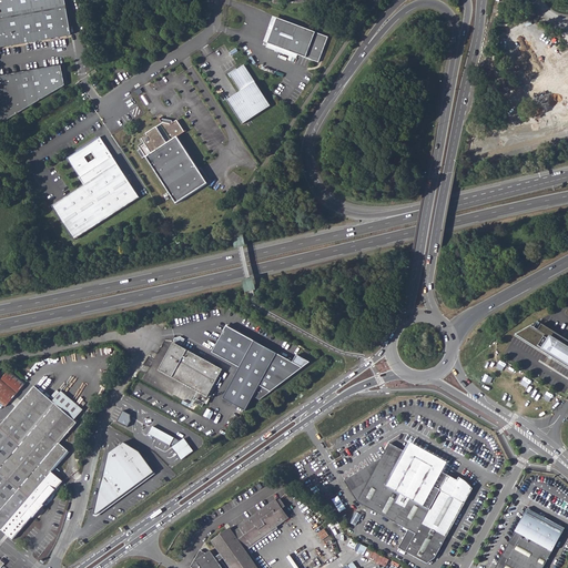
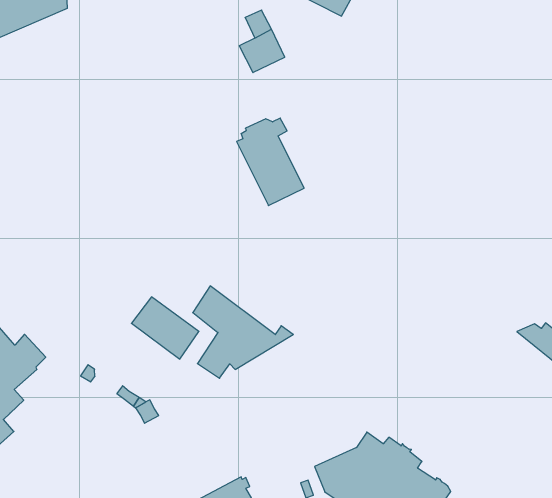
building: [139,120,206,202] -> [237,118,304,206]
building: [50,135,138,239] -> none
building: [92,440,153,514] -> none

